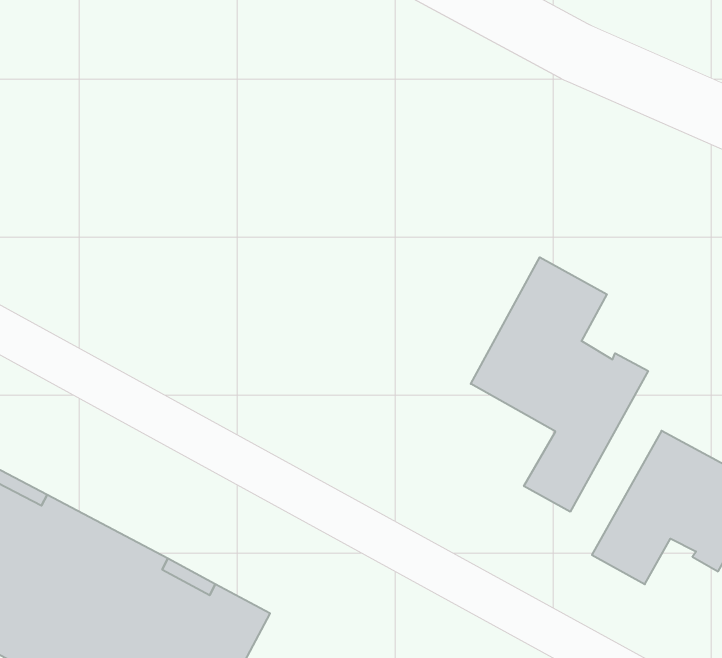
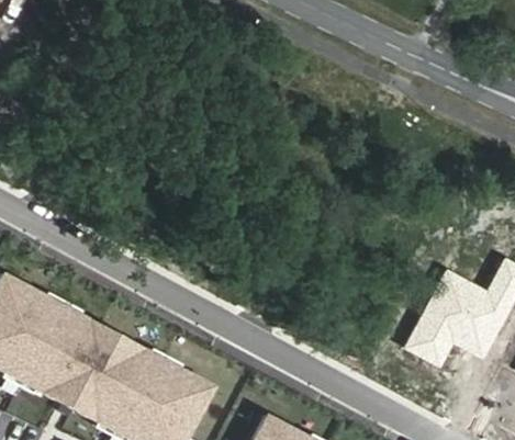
building: [471,257,648,512] -> none

